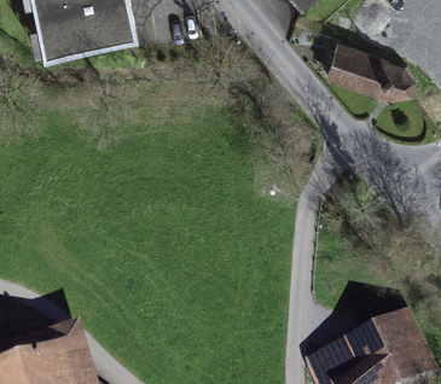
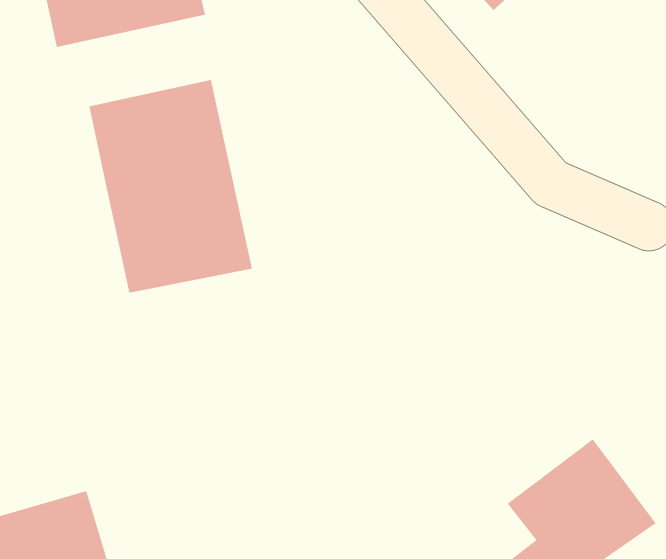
building: [324,39,413,104] -> none
building: none -> [89,79,253,294]

